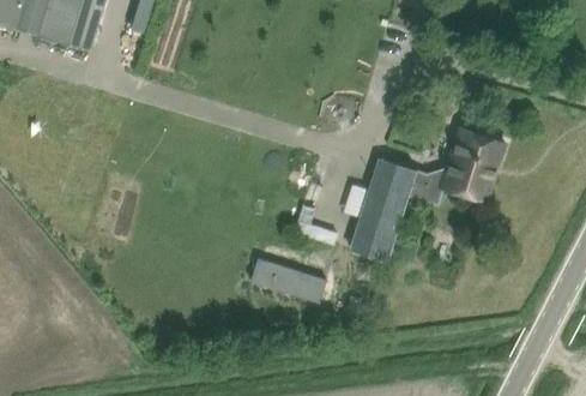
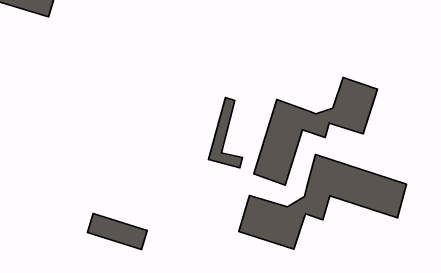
building: none -> [239,155,407,249]
building: [249,258,325,304] -> [87,213,147,250]

